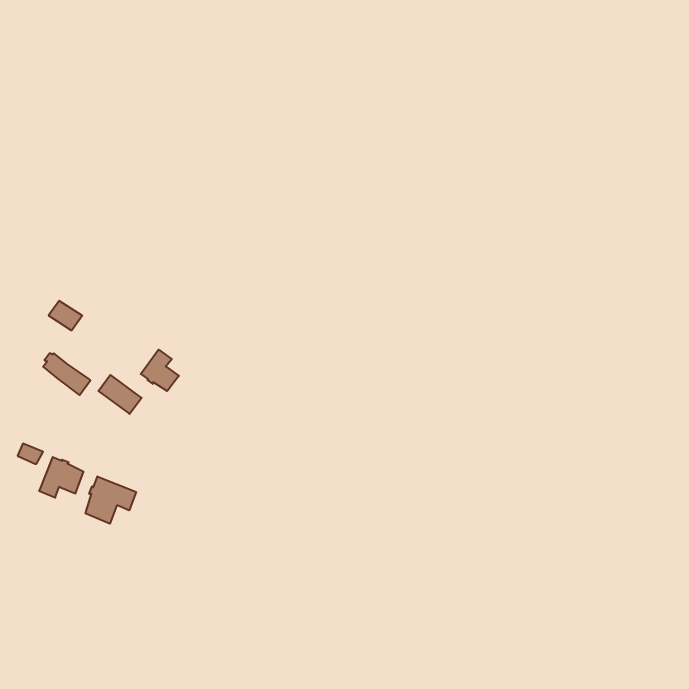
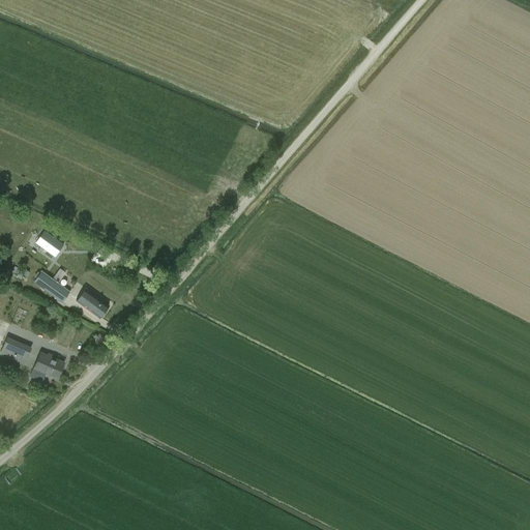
building: [141,350,179,391] -> none
building: [85,476,136,524] -> none

